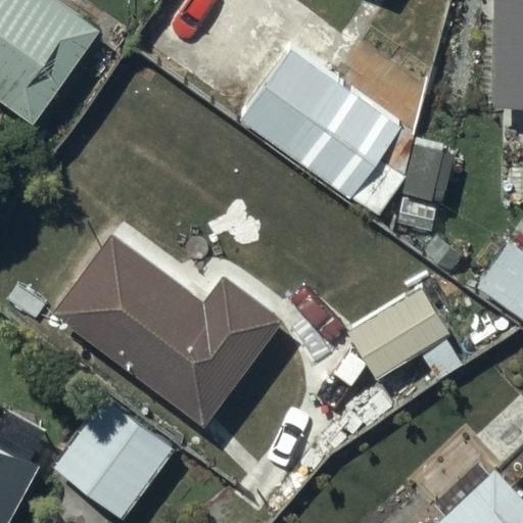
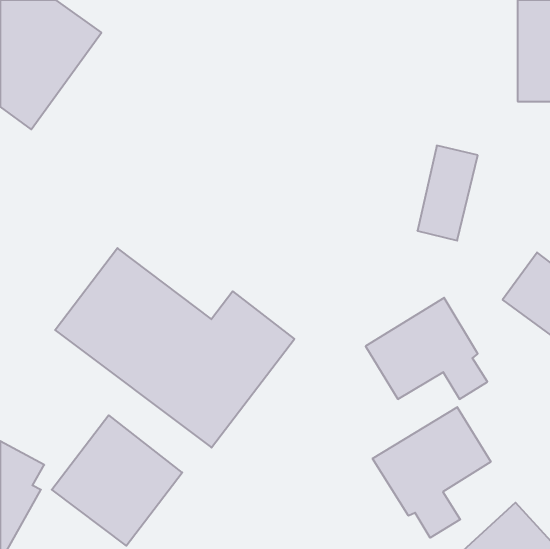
building: [241,45,402,199] -> none
building: none -> [373,407,491,538]

